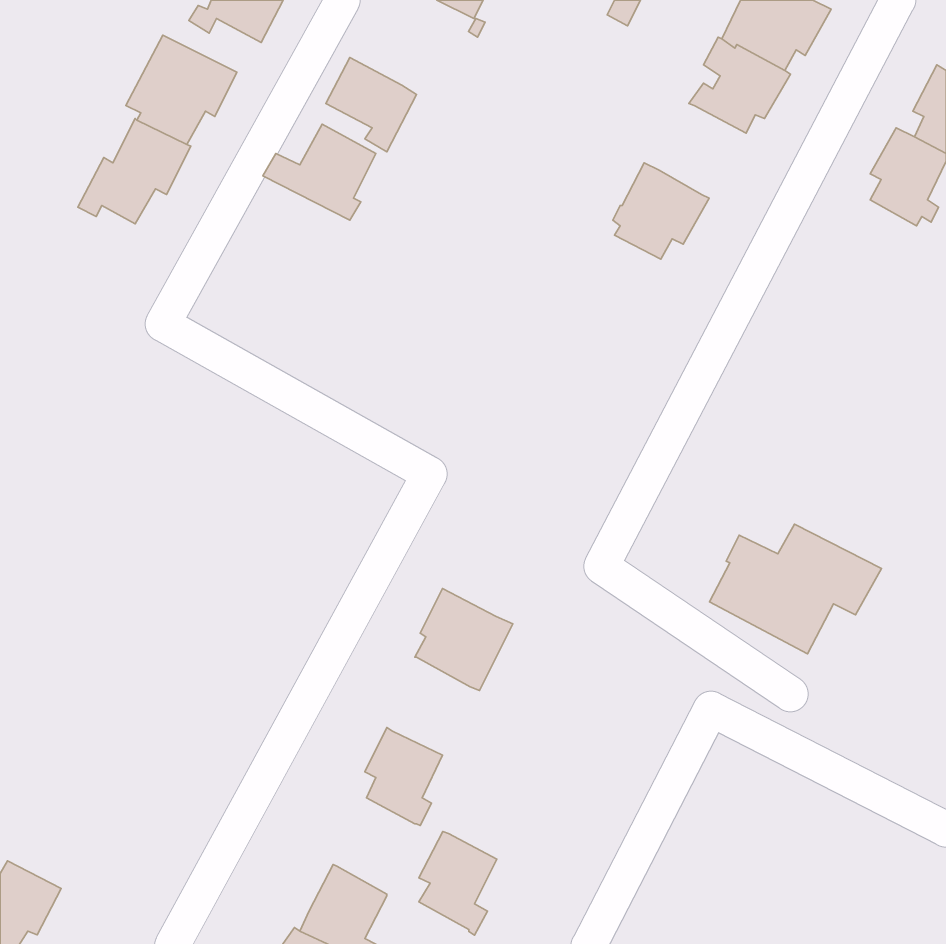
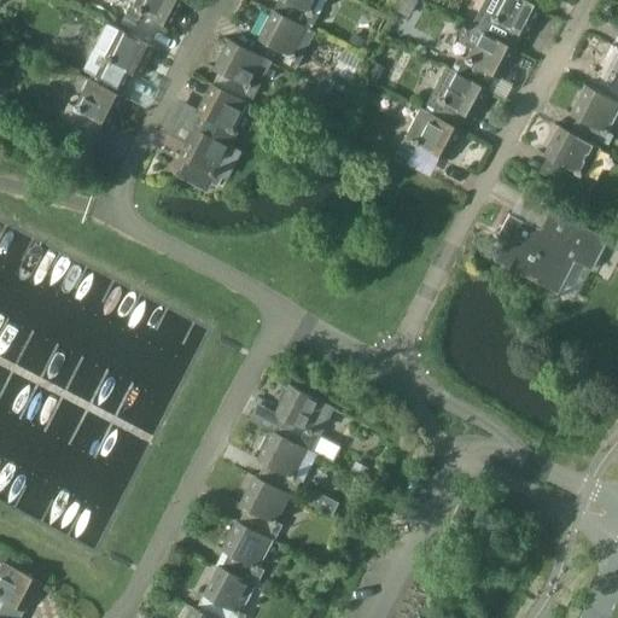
building: none -> [256,10,313,69]
building: none -> [426,68,488,128]
building: none -> [162,116,241,188]
building: none -> [541,126,601,196]
building: [709,524,882,654] -> [494,210,606,295]
building: none -> [256,430,307,494]
building: [419,831,497,935] -> [220,520,270,588]

